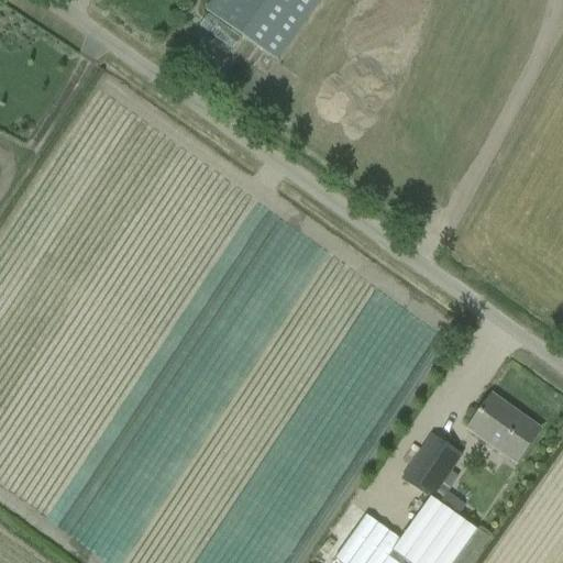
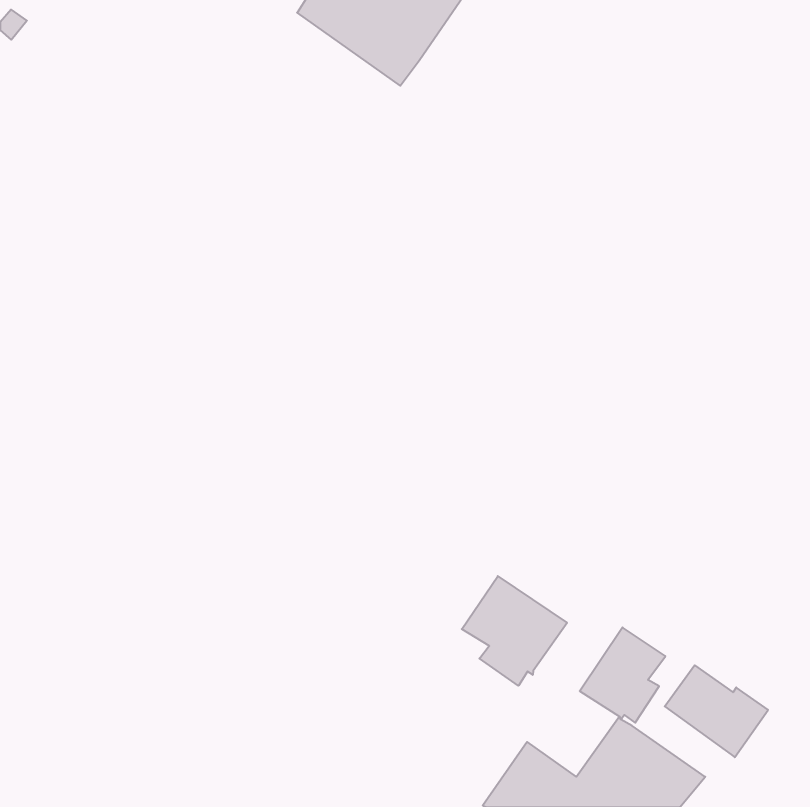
building: [468,398,540,462] -> [665,665,768,757]
building: none -> [462,576,567,686]

